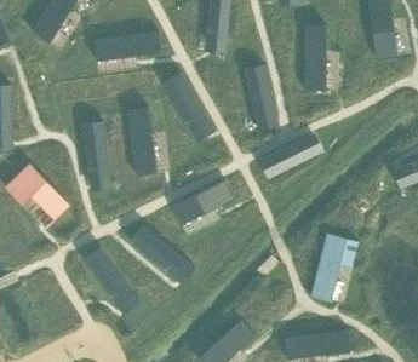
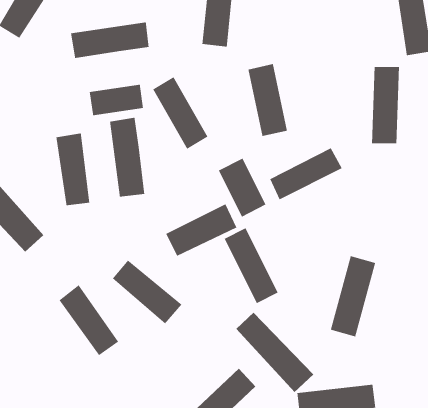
building: [303,23,327,88] -> [371,66,400,144]
building: none -> [89,84,144,116]
building: none -> [218,157,267,218]
building: none -> [224,227,279,304]
building: none -> [236,312,314,393]

